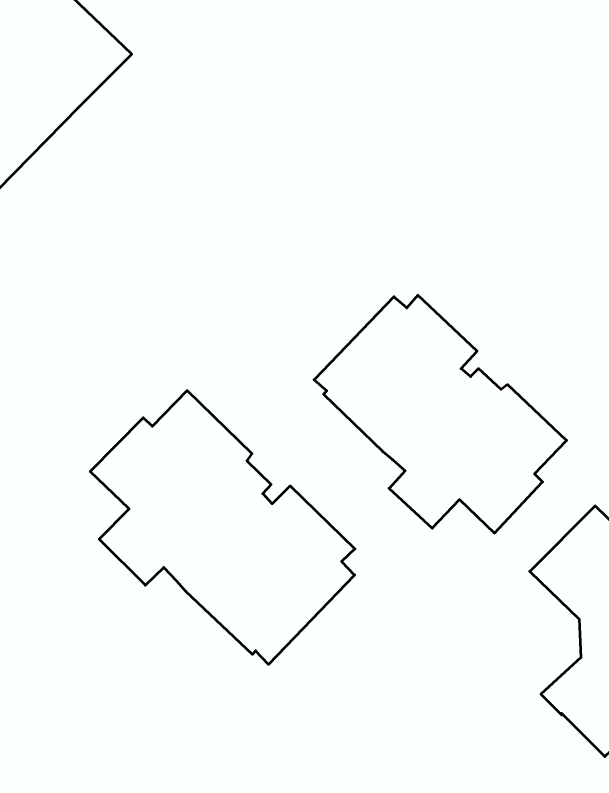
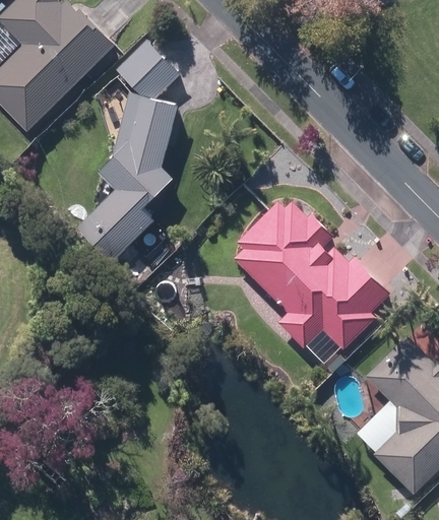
building: none -> [76,40,180,264]
building: [90,391,355,664] -> none

